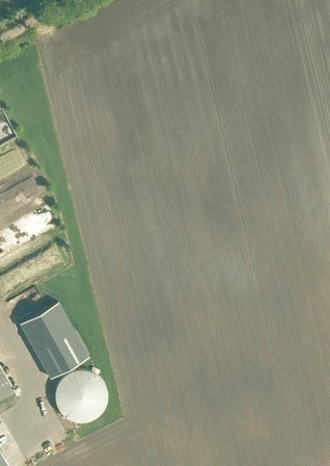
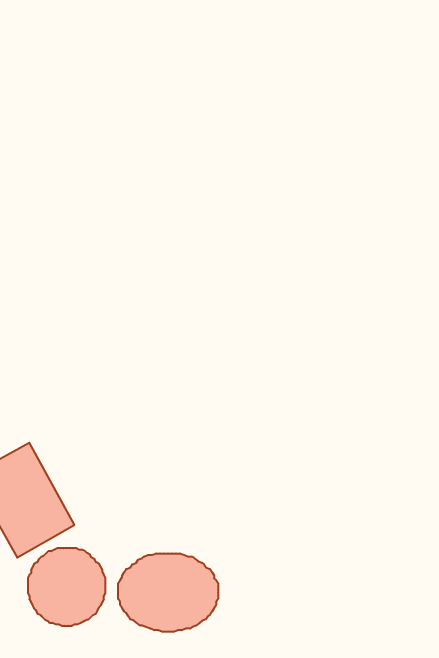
building: none -> [118,553,218,632]

